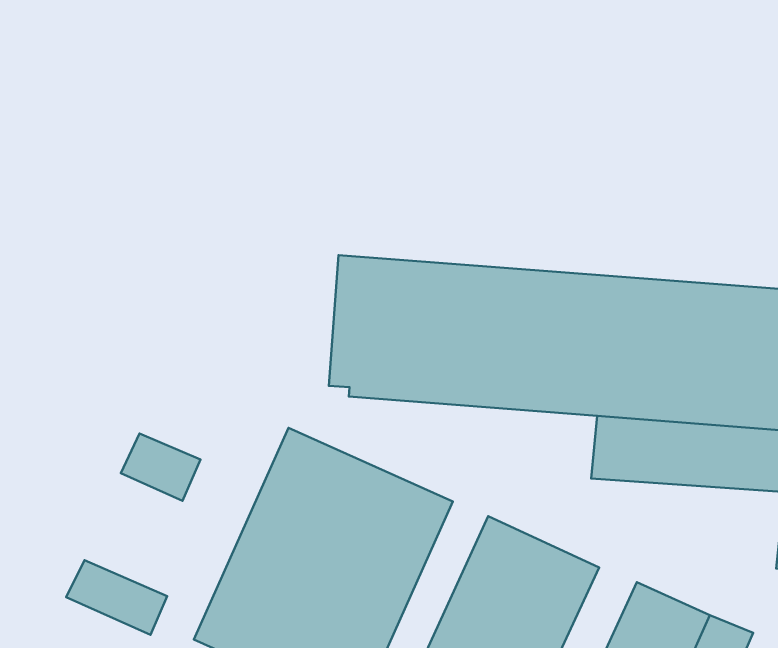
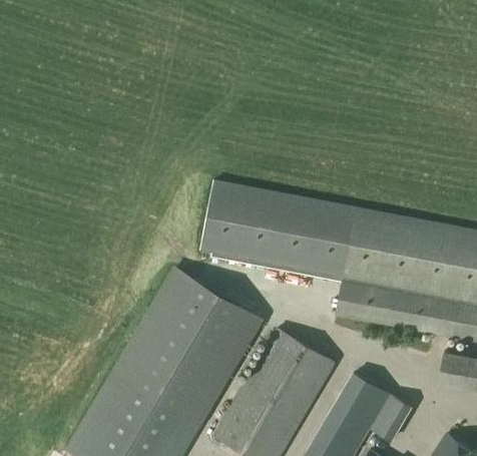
building: [121,433,200,501] -> none
building: [66,560,167,635] -> none

